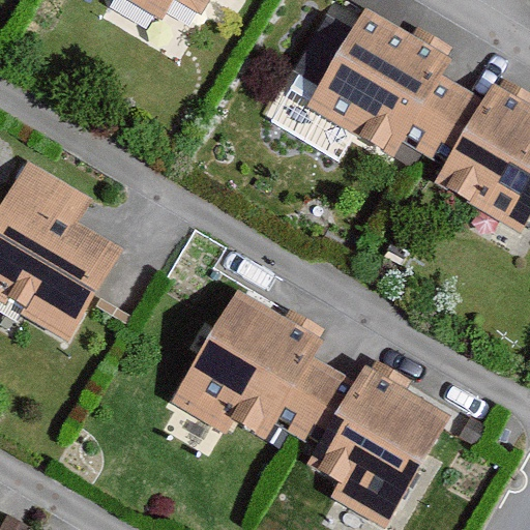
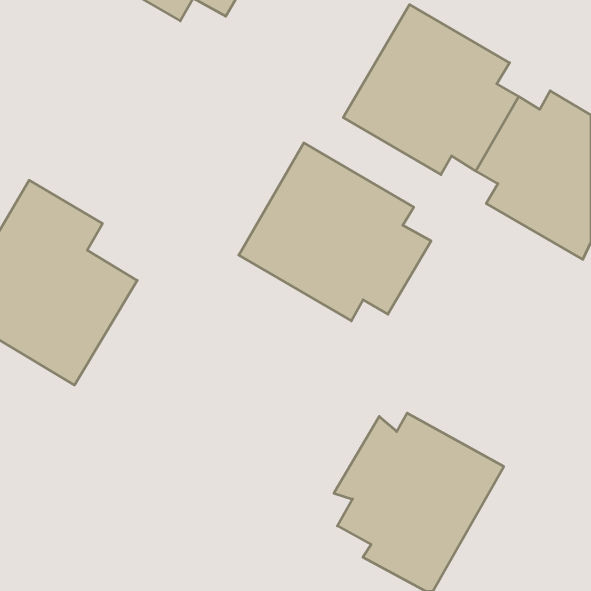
building: none -> [239,143,431,321]
building: [170,291,337,439] -> none

